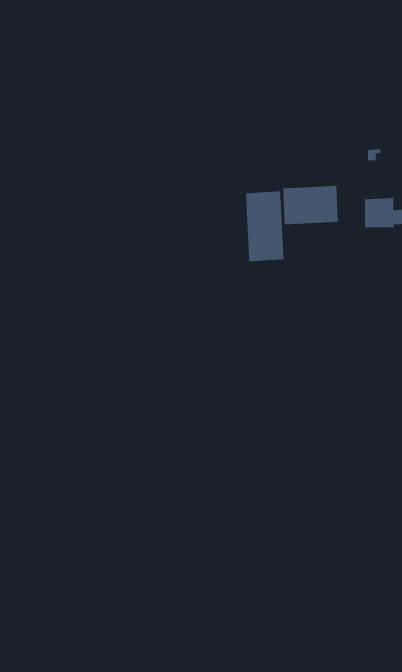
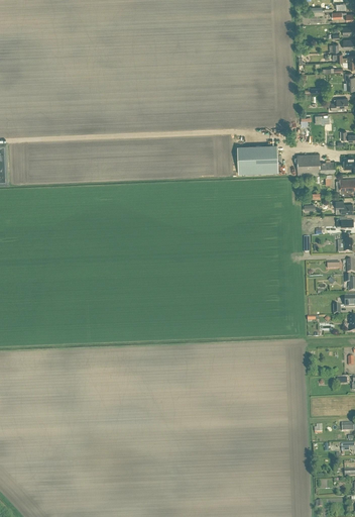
building: [245,190,284,262] -> none

